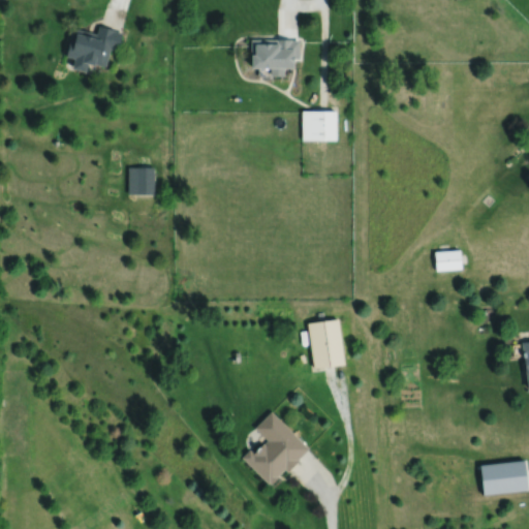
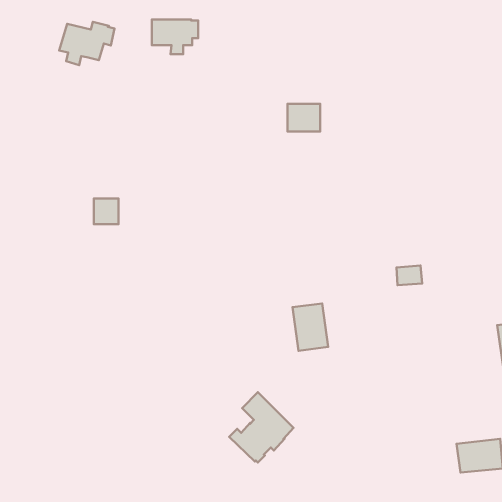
building: [252,39,301,75] -> [152,19,198,54]
building: [129,168,155,195] -> [94,199,119,224]
building: [436,251,463,272] -> [397,266,422,285]

